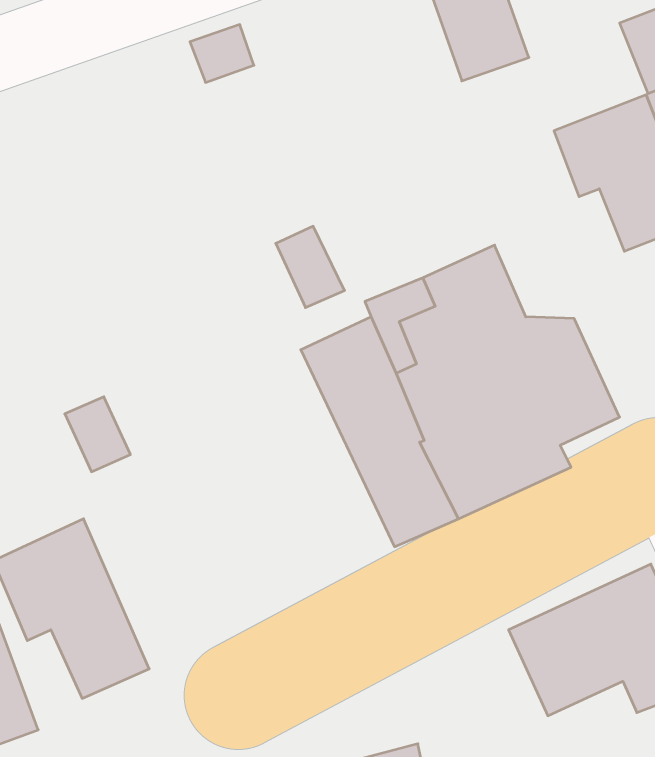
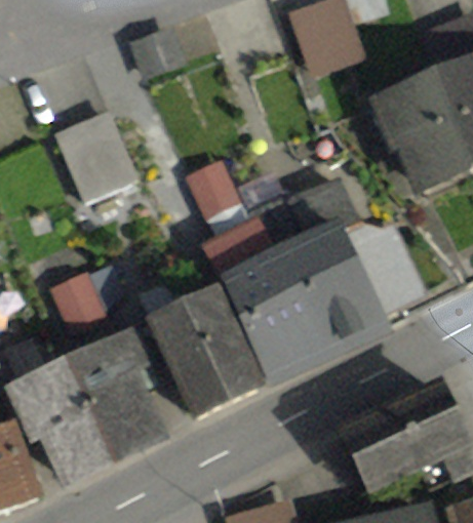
building: none -> [58,118,136,201]
building: none -> [142,282,257,417]
building: none -> [67,332,155,458]

